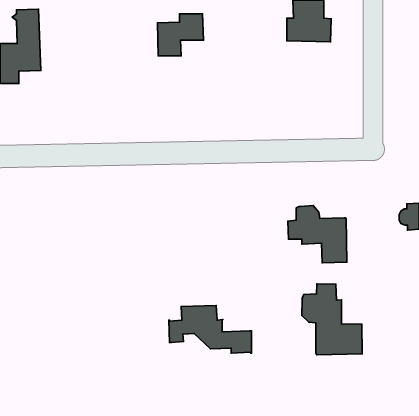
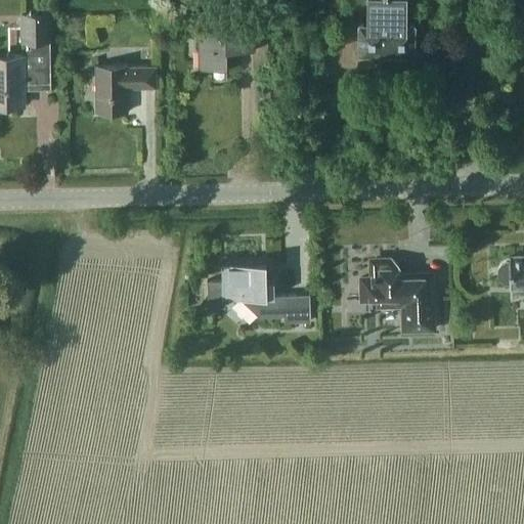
building: none -> [93,68,156,115]
building: [302,284,362,355] -> none
building: [169,306,252,353] -> [207,263,310,322]

